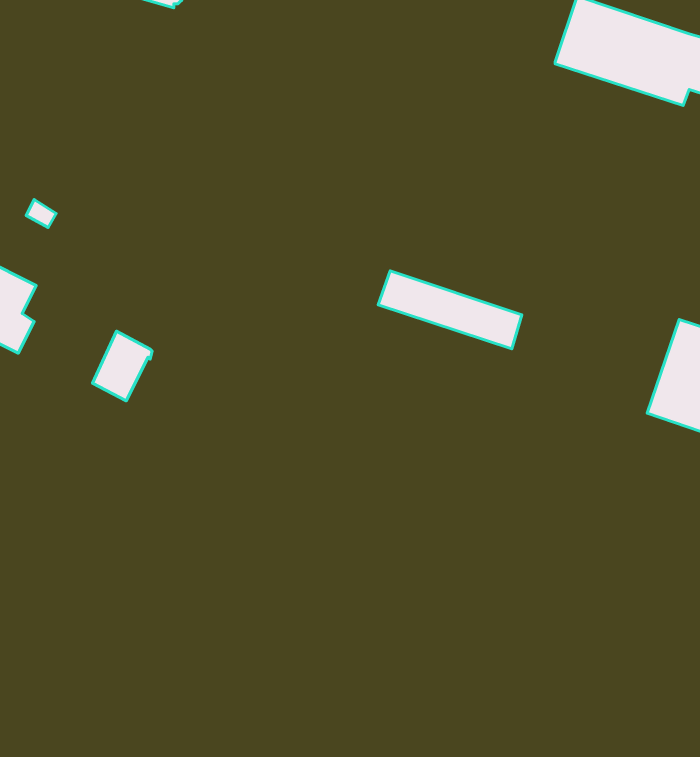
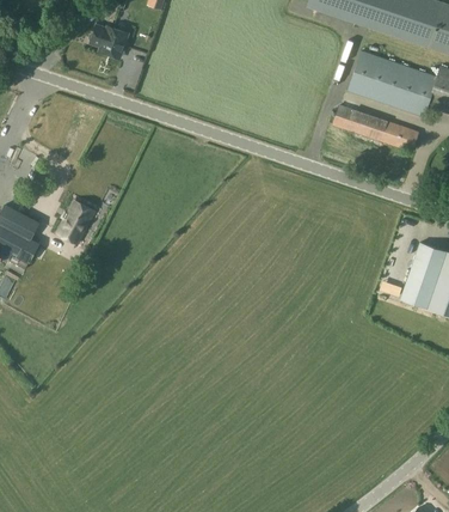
building: [378,271,522,349] -> [332,104,418,151]
building: [92,331,152,401] -> [57,201,93,243]

